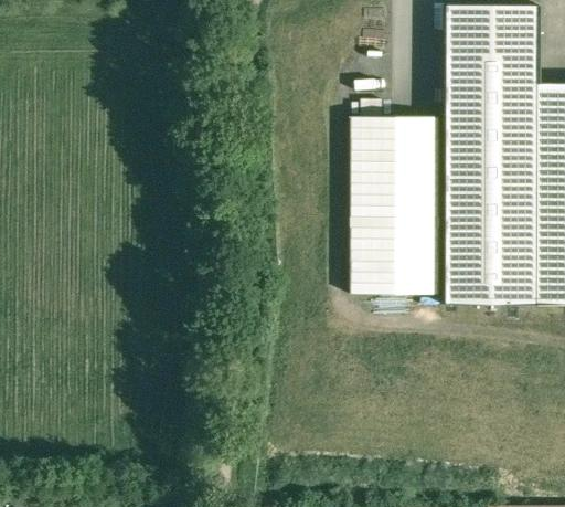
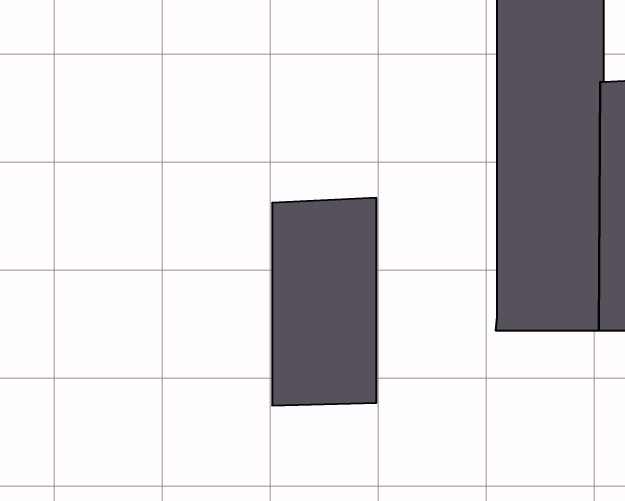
building: [352,112,445,296] -> [272,198,376,405]

